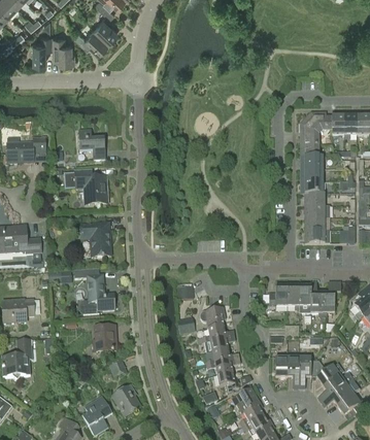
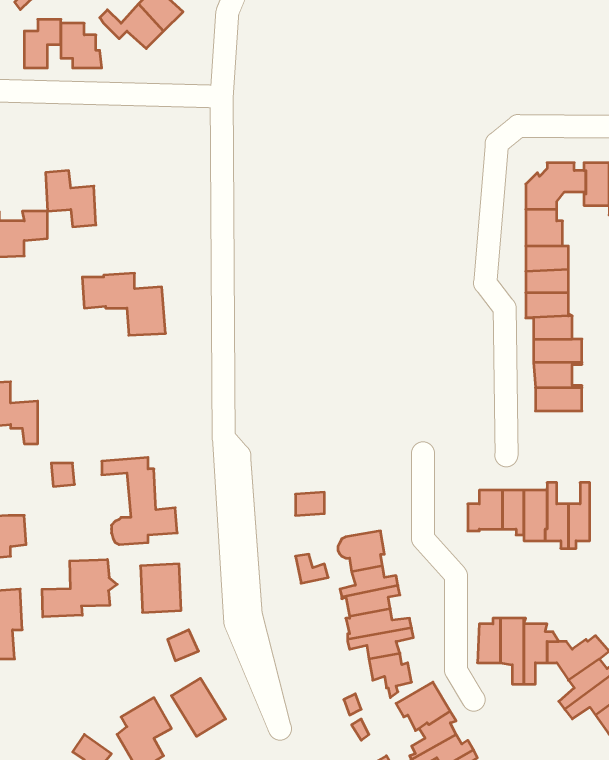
building: [78,129,105,159] -> [46,171,96,227]
building: [80,222,111,256] -> none
building: none -> [42,559,117,617]

